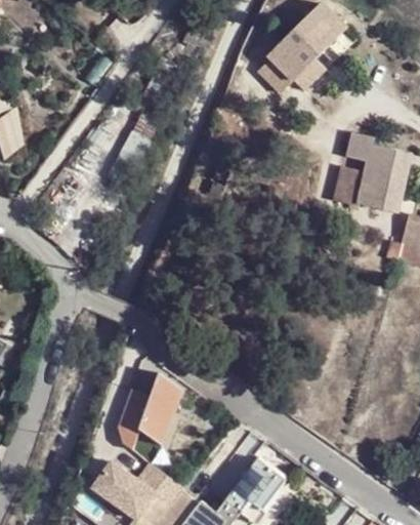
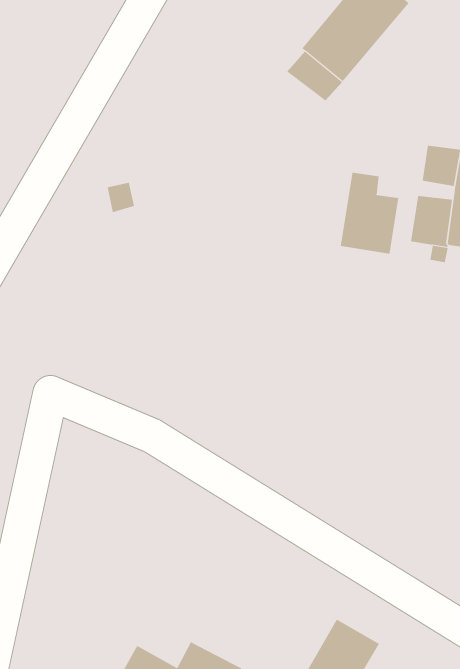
building: none -> [340,172,399,254]
building: [118,372,180,451] -> none

